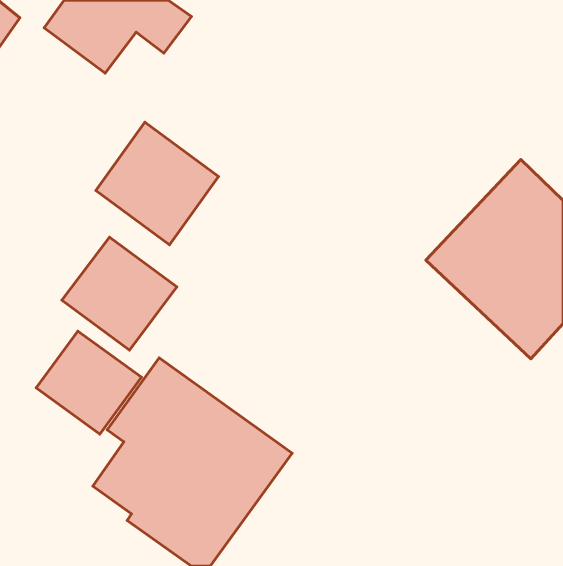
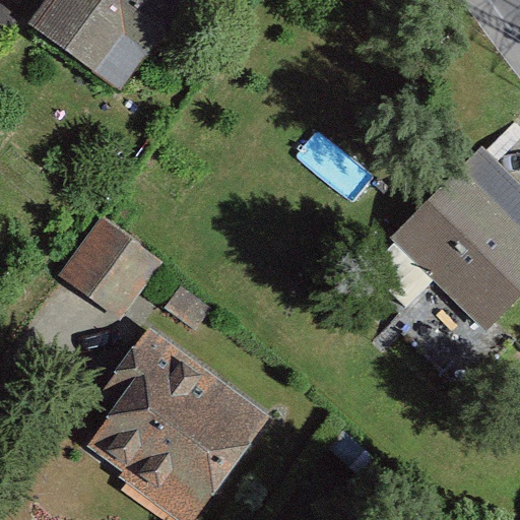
building: [96,122,219,245] -> none
building: [36,331,142,434] -> none

